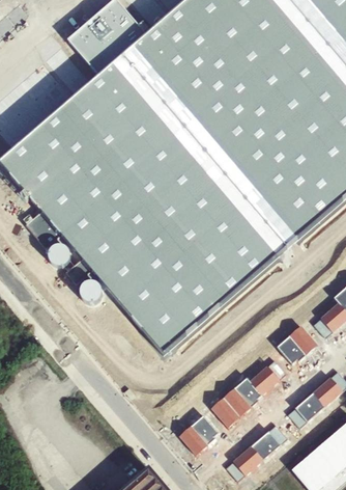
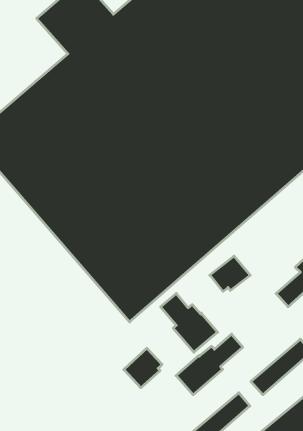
building: none -> [161,293,218,352]
building: [277,325,318,361] -> [210,256,250,291]
building: [178,414,218,455] -> [124,348,162,388]

